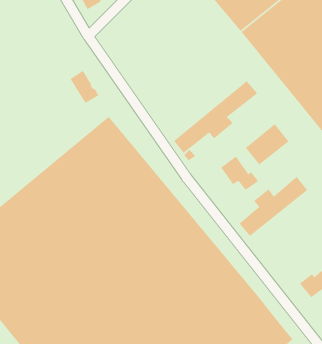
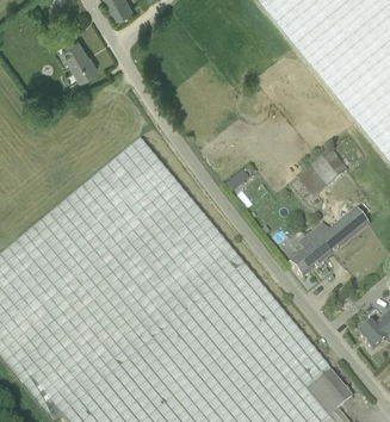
building: [70,70,100,104] -> [62,36,97,75]
building: [173,80,258,154] -> none
building: [220,156,259,191] -> none

